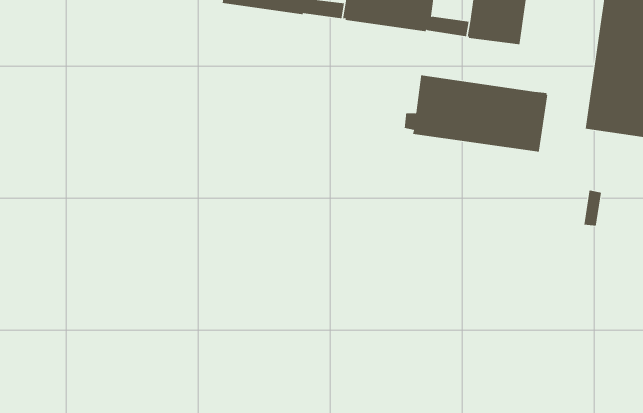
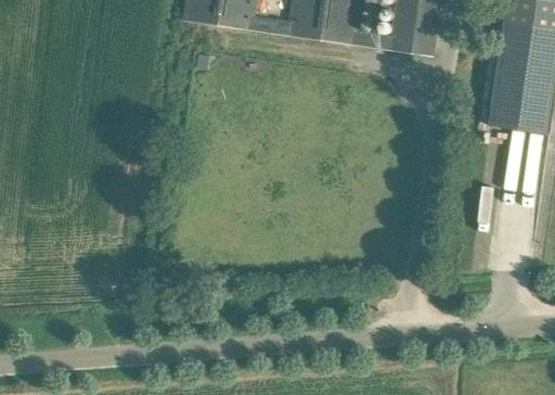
building: [404,75,548,153] -> none

